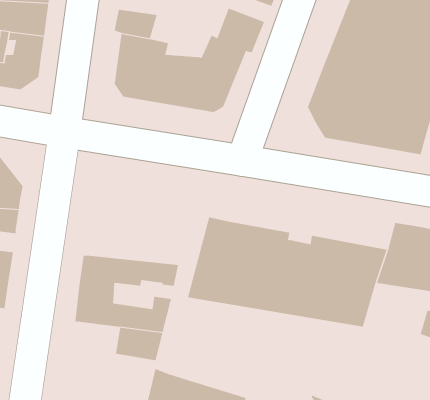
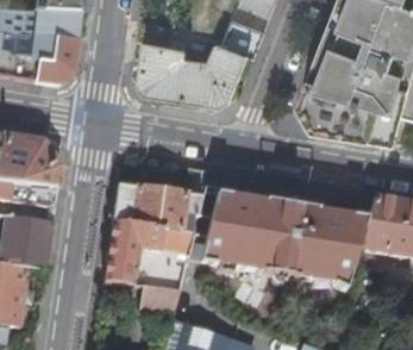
building: none -> [114,185,201,232]

